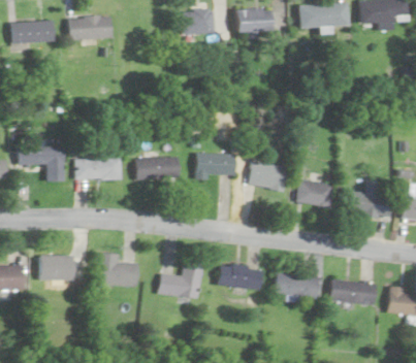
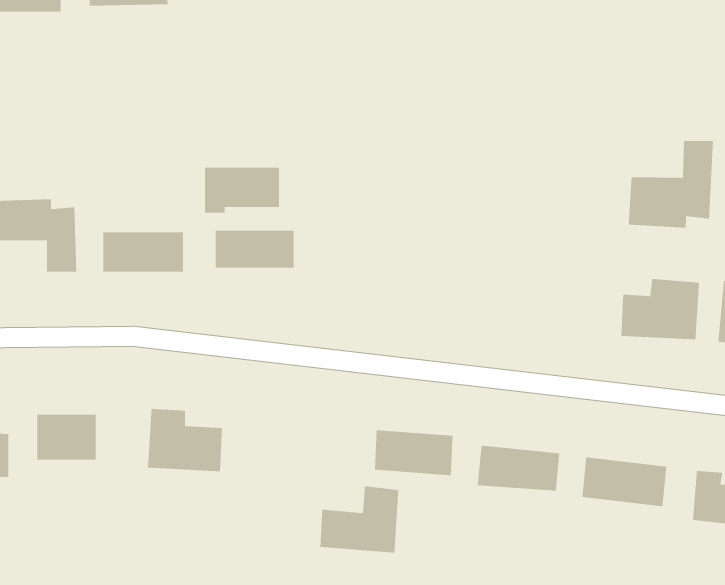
building: none -> [628,140,714,228]
building: [195,154,235,178] -> [204,167,280,214]
building: [248,162,287,191] -> none
building: [296,178,334,208] -> none
building: [161,261,203,297] -> [319,485,399,553]

